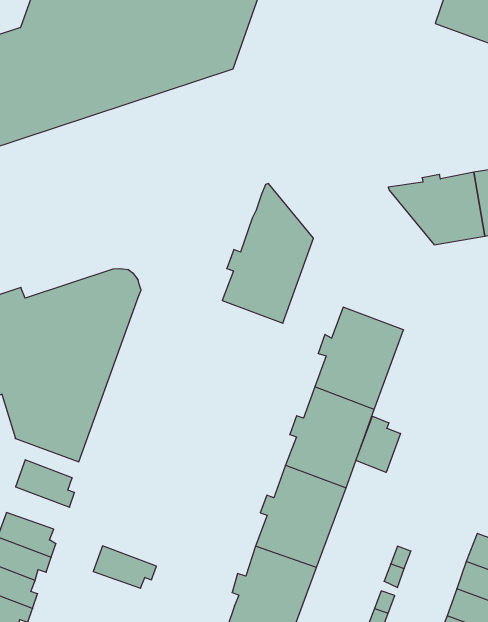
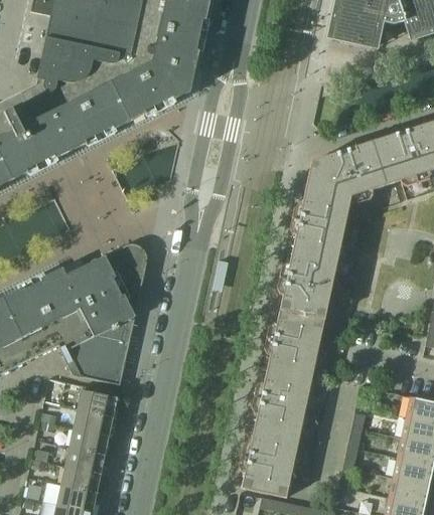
building: [222,184,313,323] -> [292,162,350,260]
building: [356,416,400,472] -> none
building: [93,546,156,588] -> [74,409,118,436]

